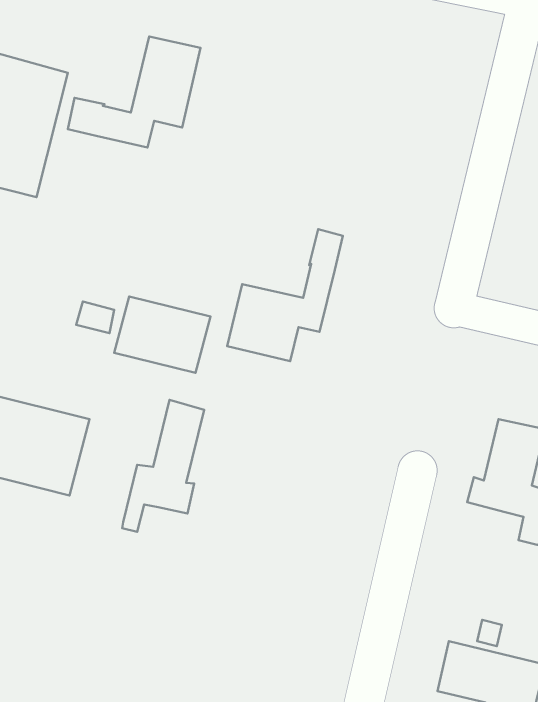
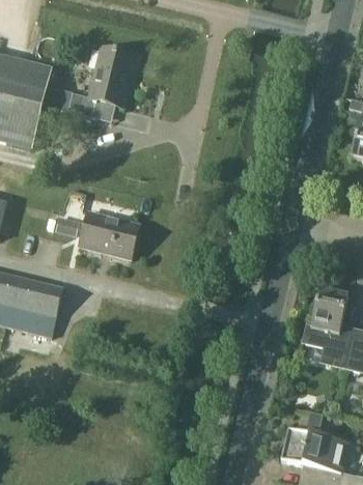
building: [227,229,343,361] -> none
building: [122,400,204,532] -> none

